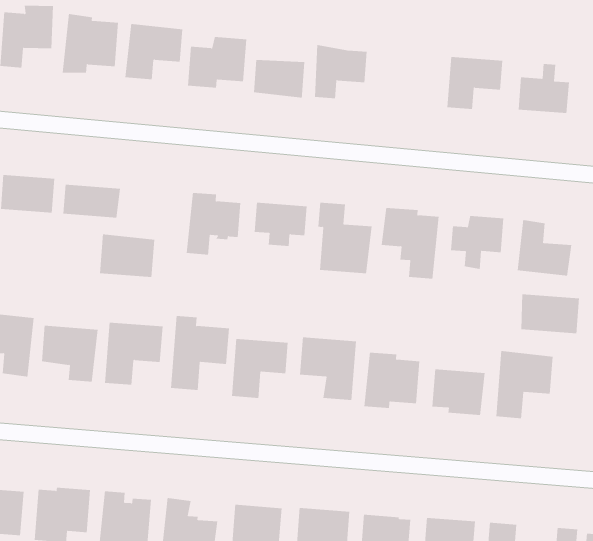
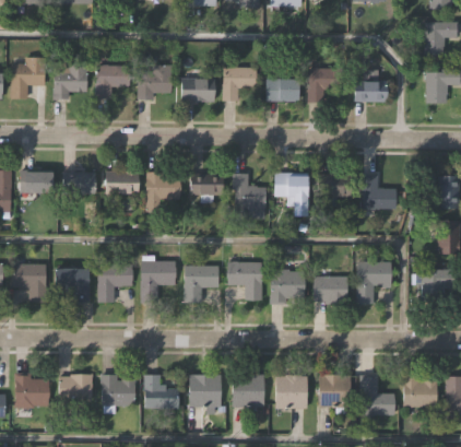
building: none -> [265,77,297,102]
building: [99,234,155,278] -> [105,168,140,195]
building: [521,293,580,334] -> none

